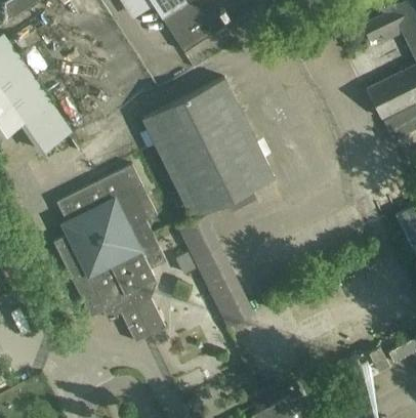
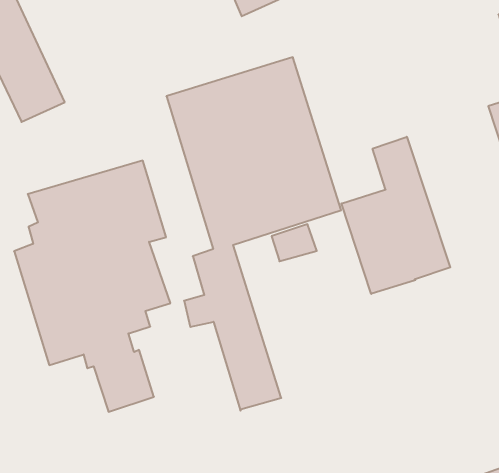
building: none -> [341,137,450,294]

